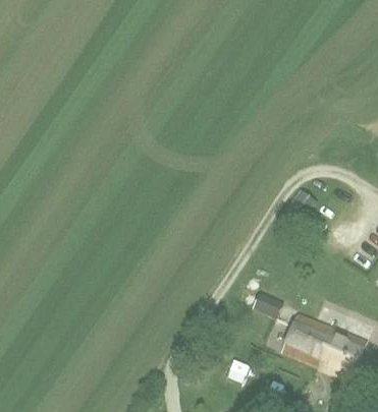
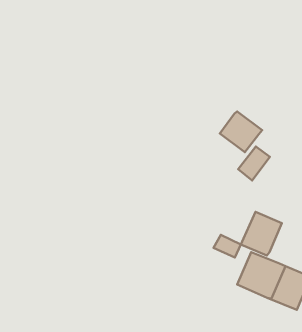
building: none -> [220,111,262,152]
building: none -> [241,212,282,256]

